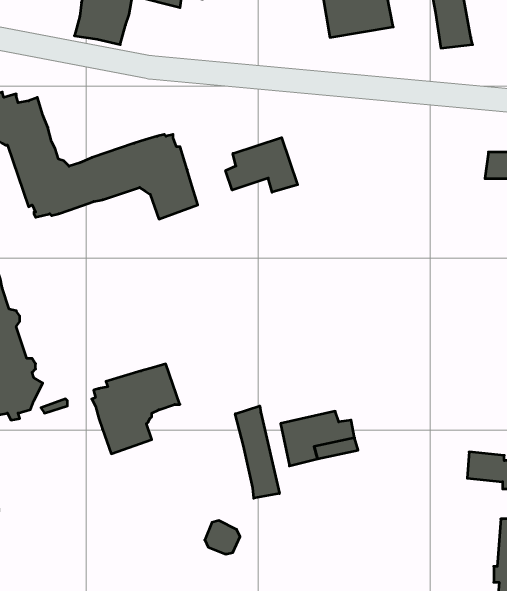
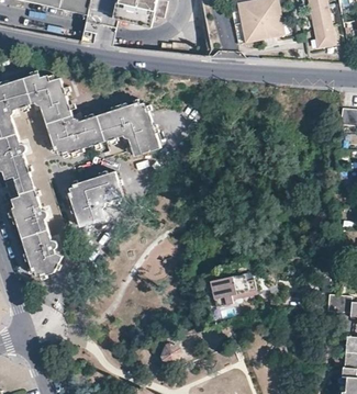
building: [226,138,298,192] -> none
building: [92,364,180,454] -> [68,170,123,226]
building: [235,406,279,498] -> none

